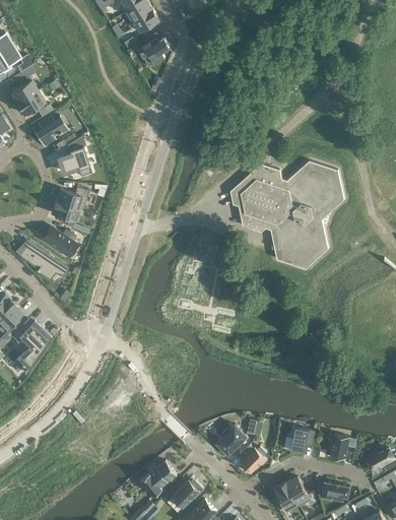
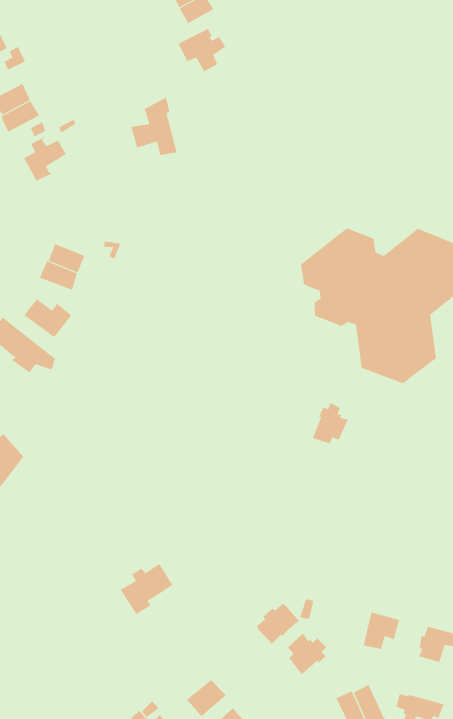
building: [58,136,91,177] -> [131,97,178,156]
building: none -> [312,402,348,444]
building: [139,461,176,498] -> [120,563,173,615]

